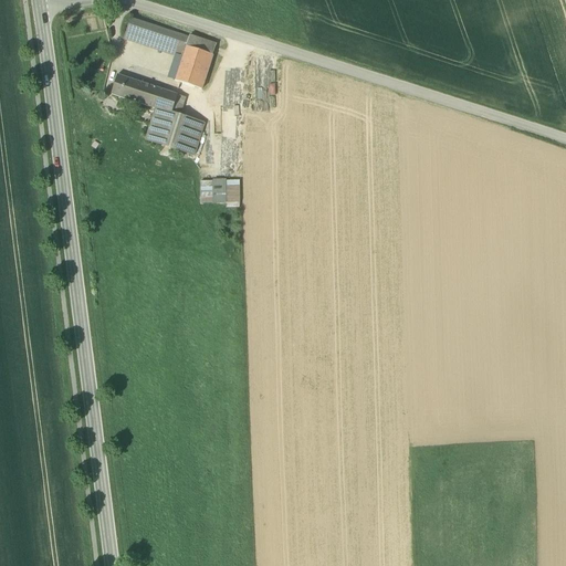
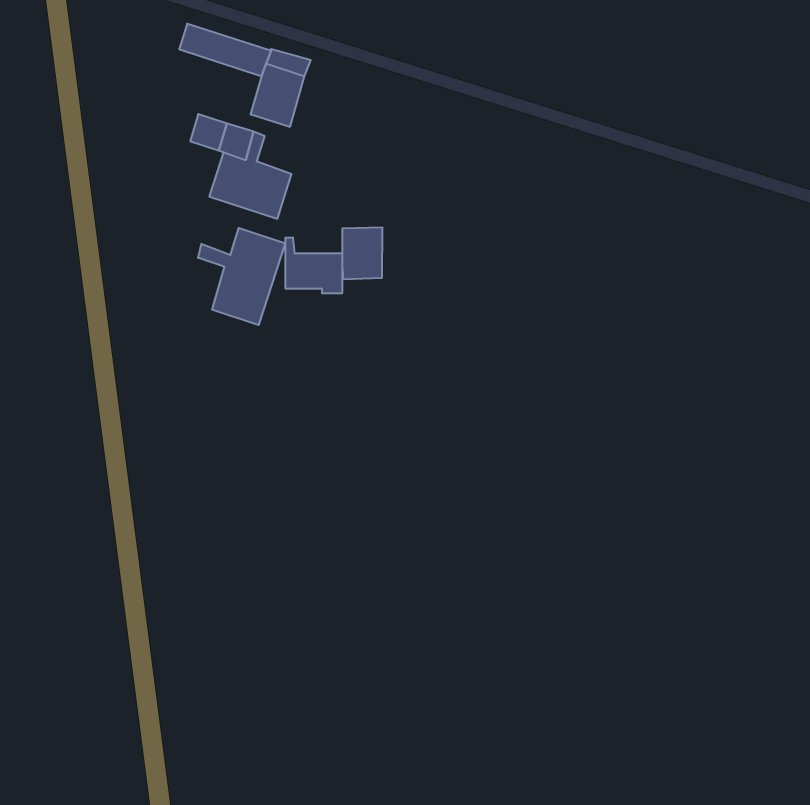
building: [111,73,138,99] -> none
building: none -> [342,227,382,279]
building: none -> [198,228,285,325]

